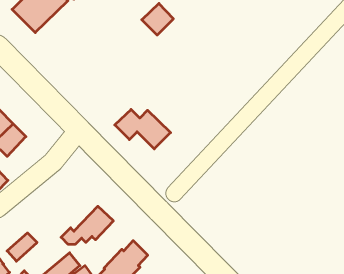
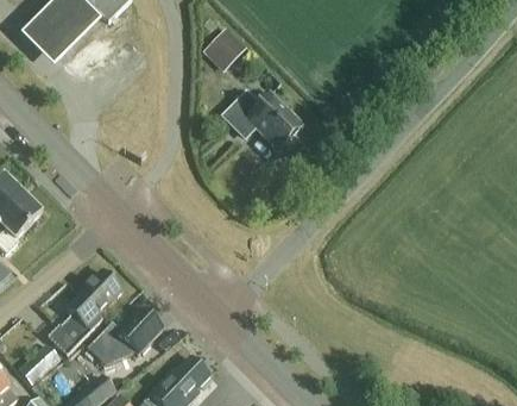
building: [115,109,171,149] -> [225,94,302,149]
building: none -> [49,270,122,355]

